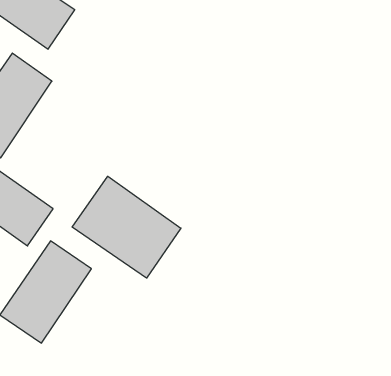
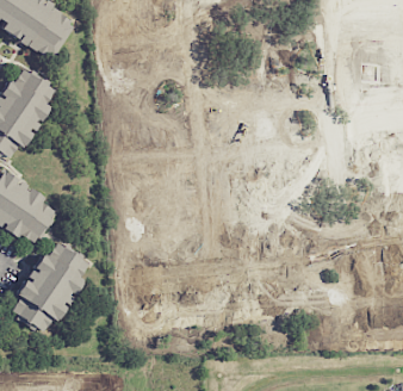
building: [72,176,181,278] -> none

